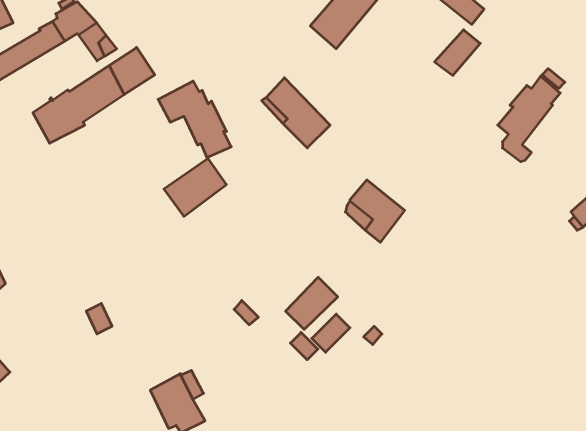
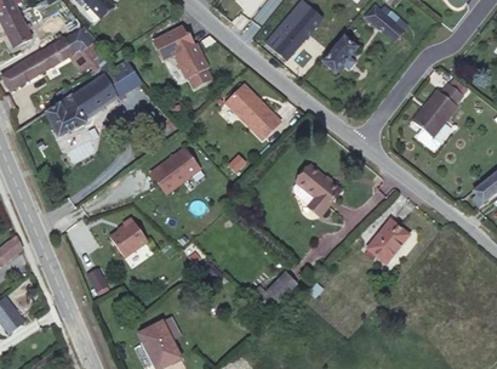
building: [435,30,480,75] -> [321,36,358,73]
building: [158,81,231,157] -> [154,27,212,87]
building: none -> [110,218,150,256]
building: none -> [367,220,409,262]
building: [286,277,338,329] -> none

